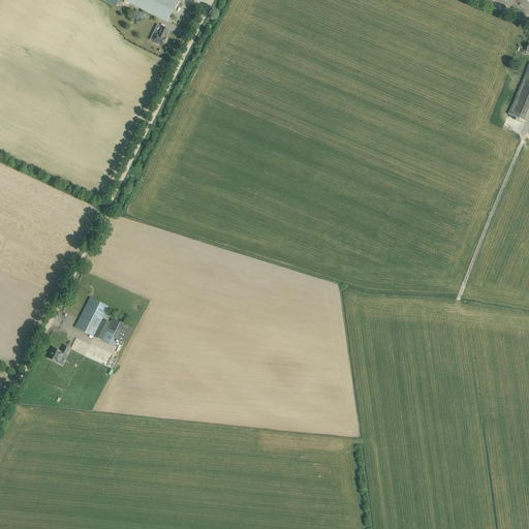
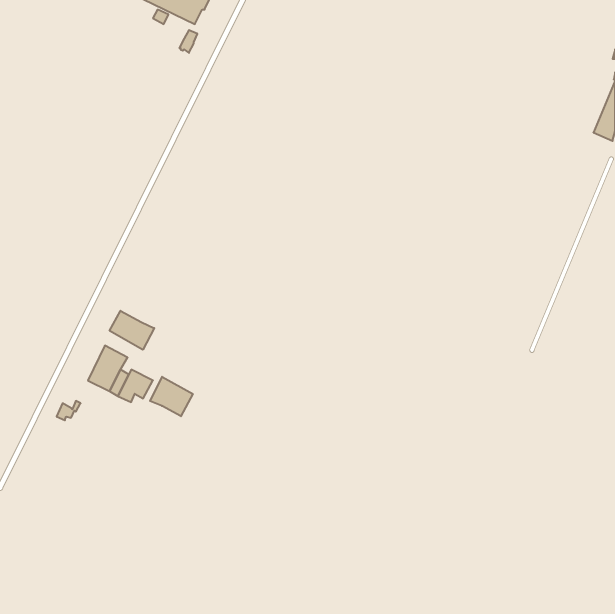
building: none -> [110,311,154,350]
building: none -> [150,377,193,416]

